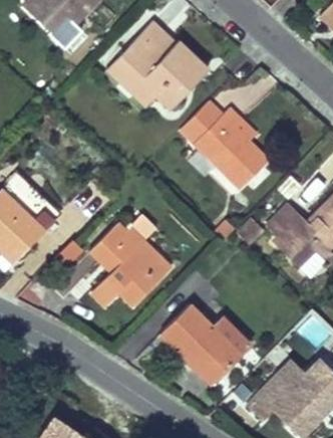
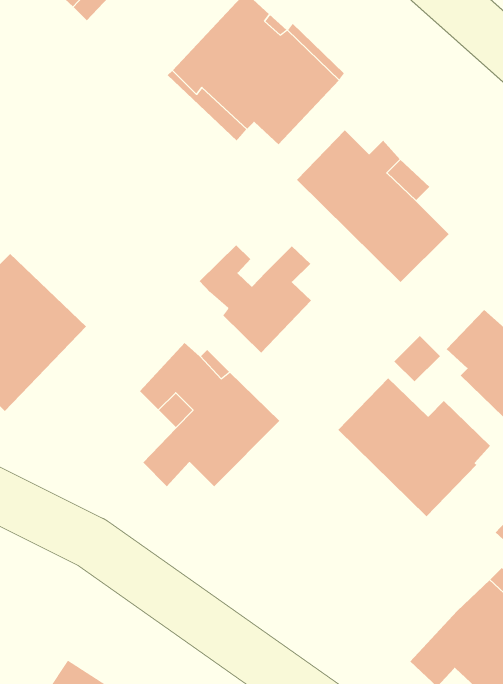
building: none -> [199,245,312,354]
building: [160,304,249,385] -> [338,378,491,517]

